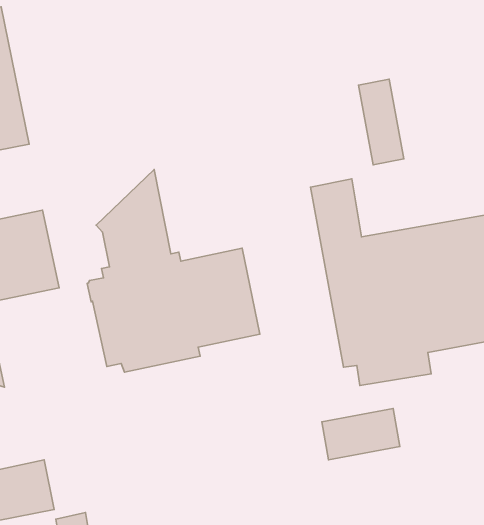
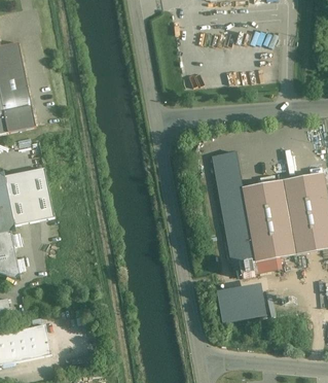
building: [359,79,404,165] -> none
building: [87,170,260,372] -> none

